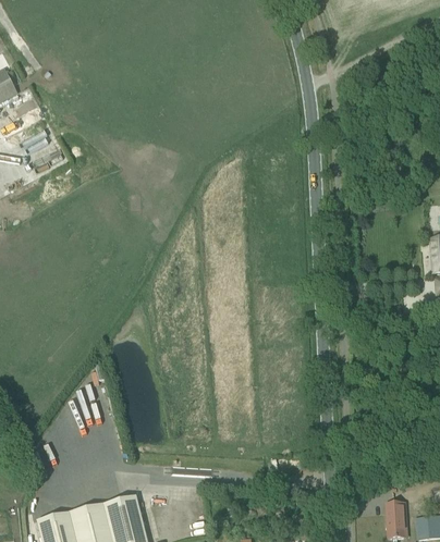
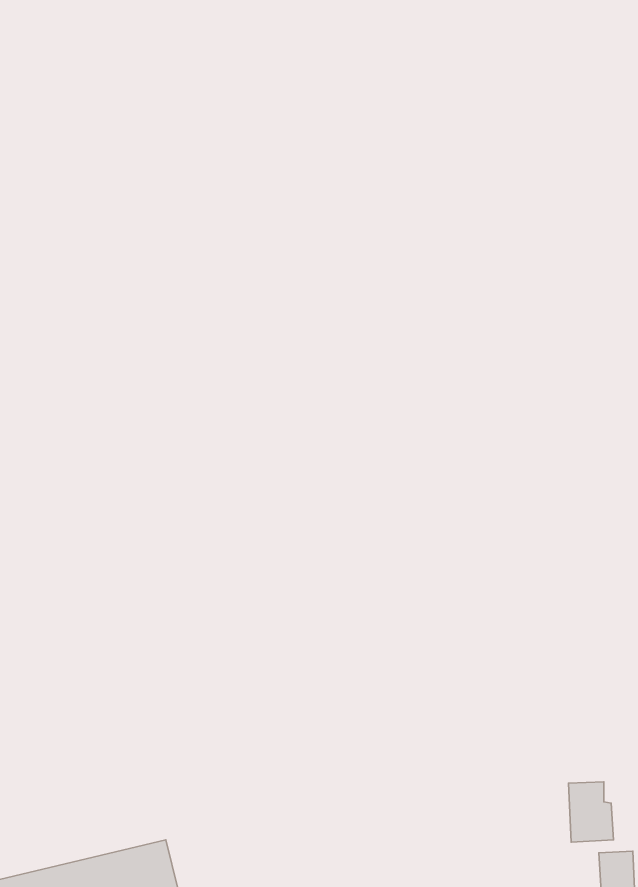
building: none -> [568,782,614,842]

